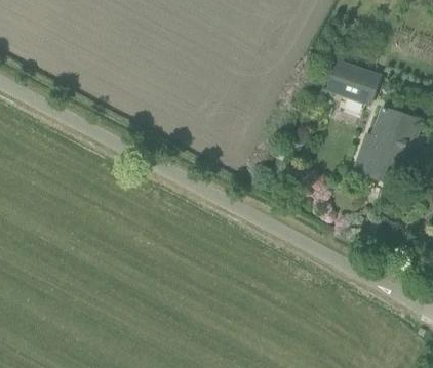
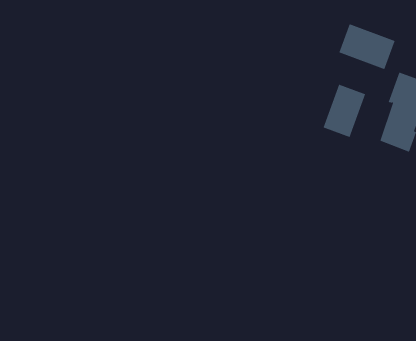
building: none -> [323,84,366,138]

